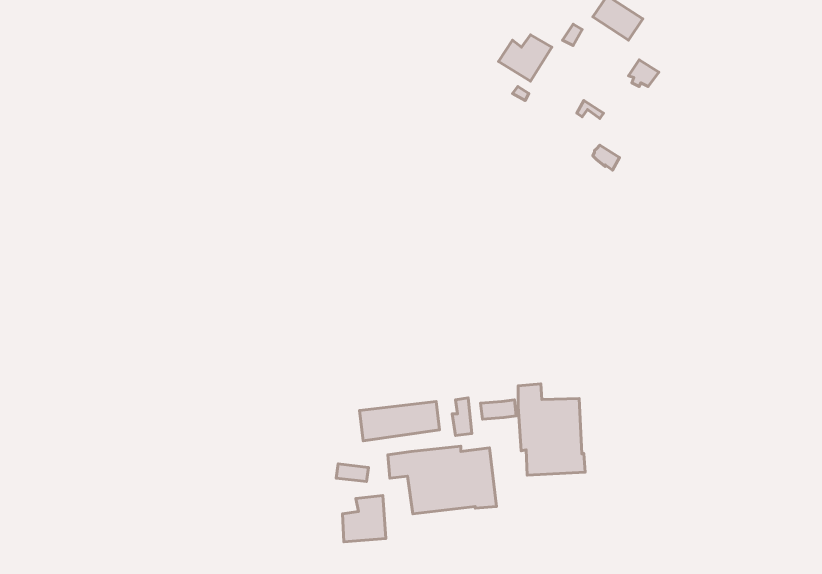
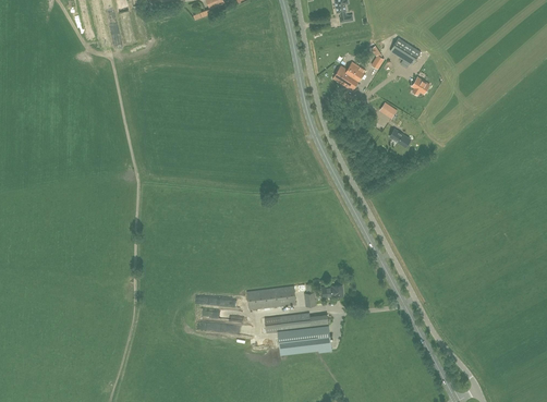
building: [518,384,585,475] -> none
building: [342,496,386,542] -> none

